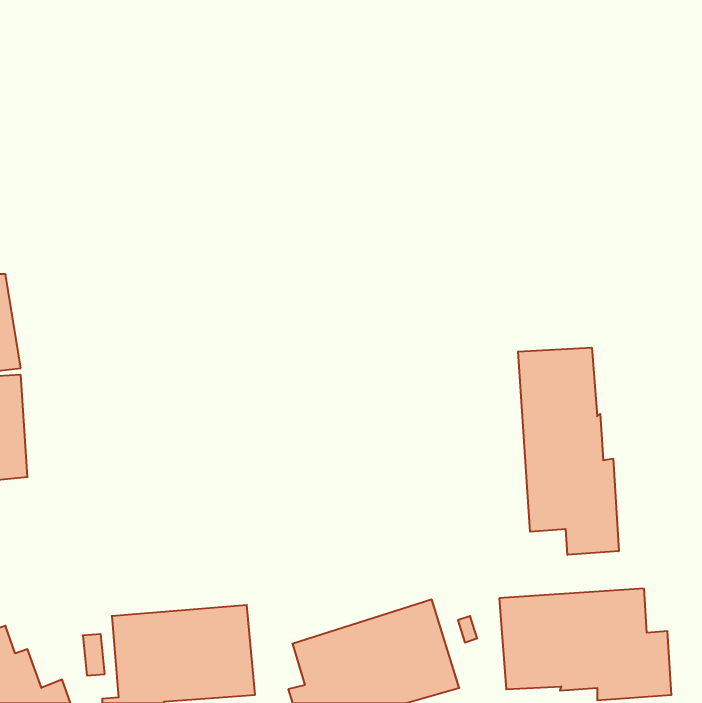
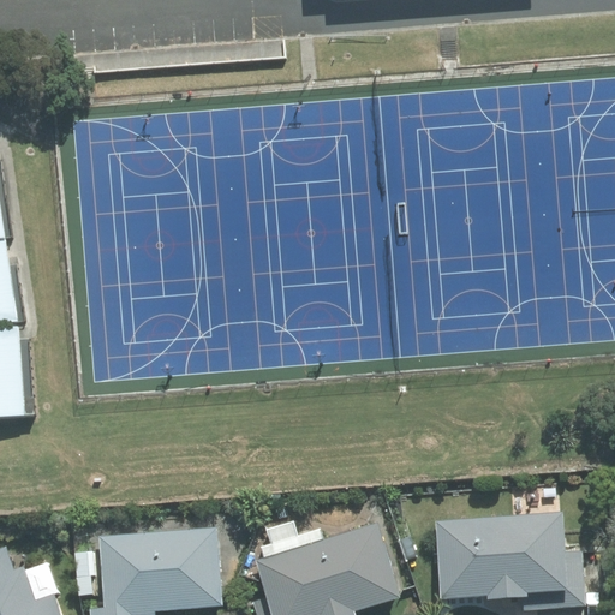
building: [518,348,619,555] -> none

